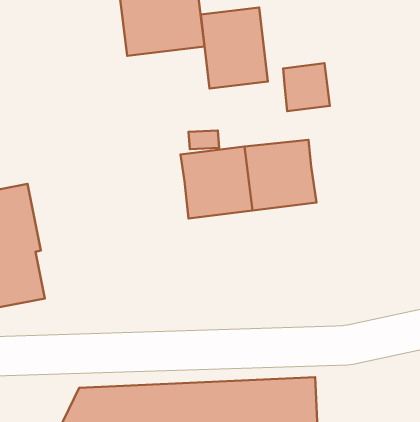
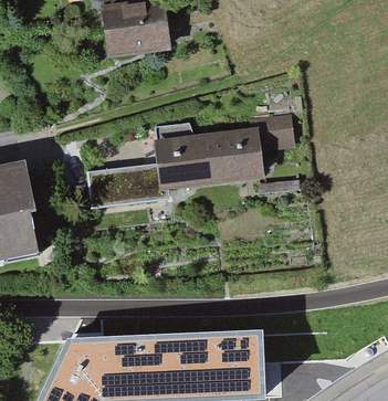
building: [201,8,268,89] -> none
building: [283,63,330,111] -> [258,112,296,151]
building: none -> [86,163,169,211]

